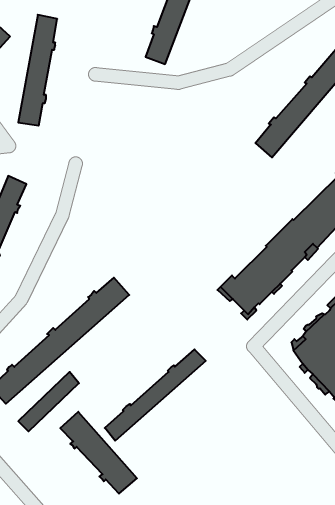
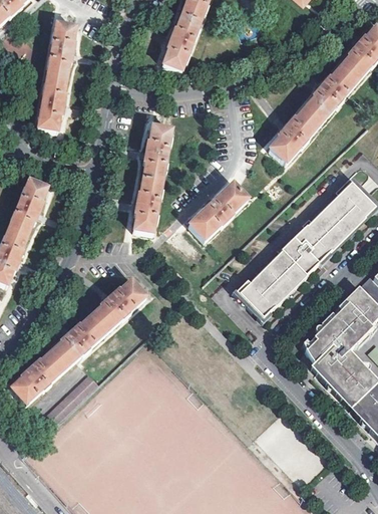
building: none -> [132,127,169,234]
building: none -> [188,183,249,240]
building: [105,349,206,441] -> none
building: [60,412,137,494] -> none

